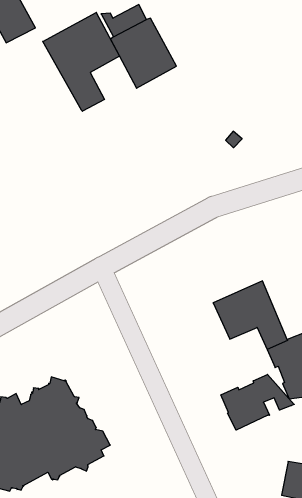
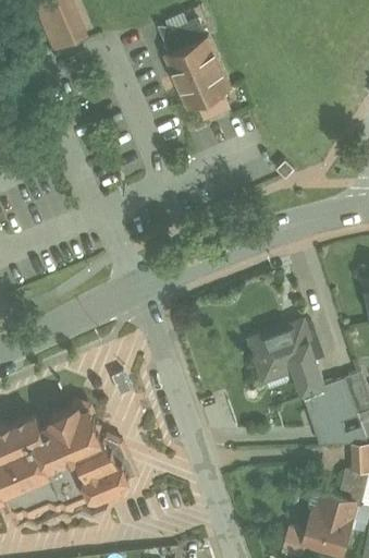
building: [43,12,119,111] -> none
building: [221,374,294,430] -> none

